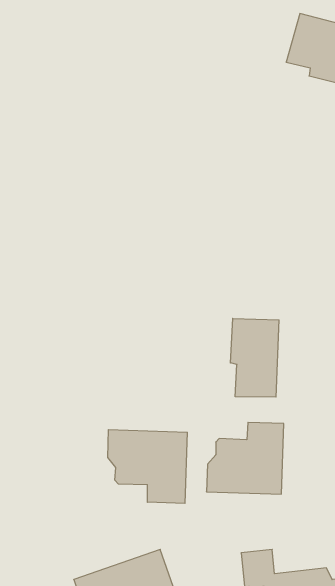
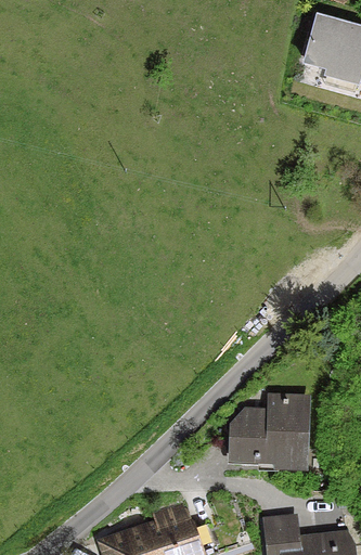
building: [230,318,279,397] -> none
building: [108,430,187,503] -> none

